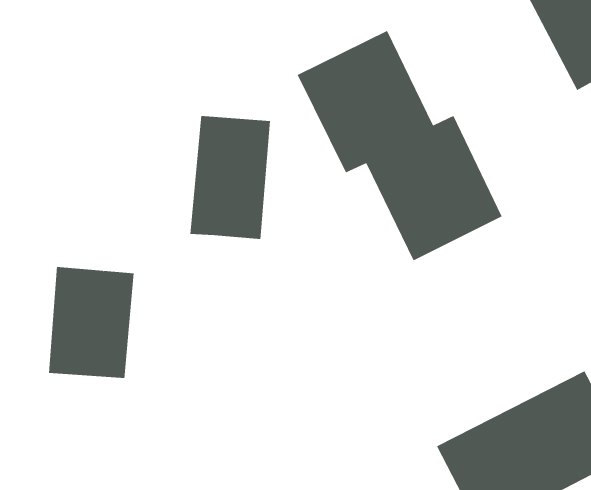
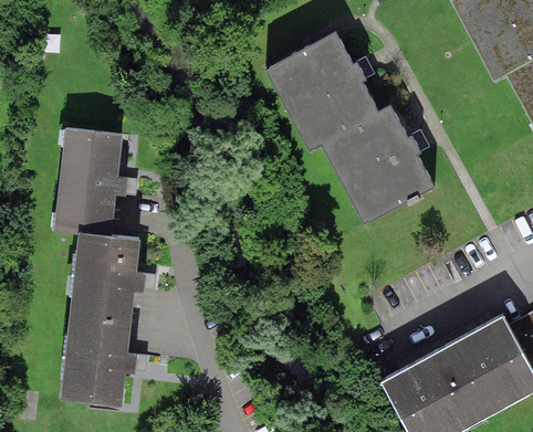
building: [190,115,271,240] -> [53,133,119,234]
building: none -> [60,318,129,403]

